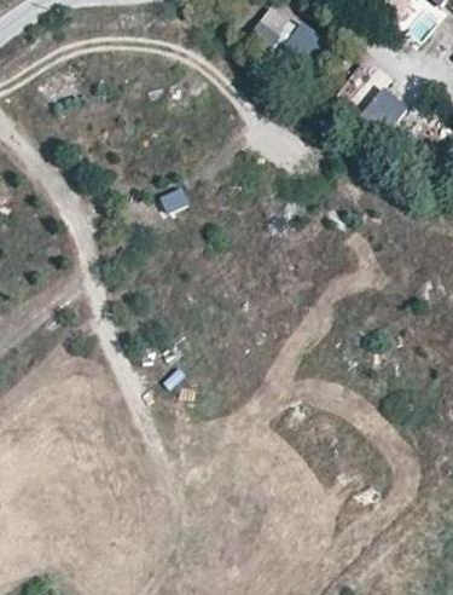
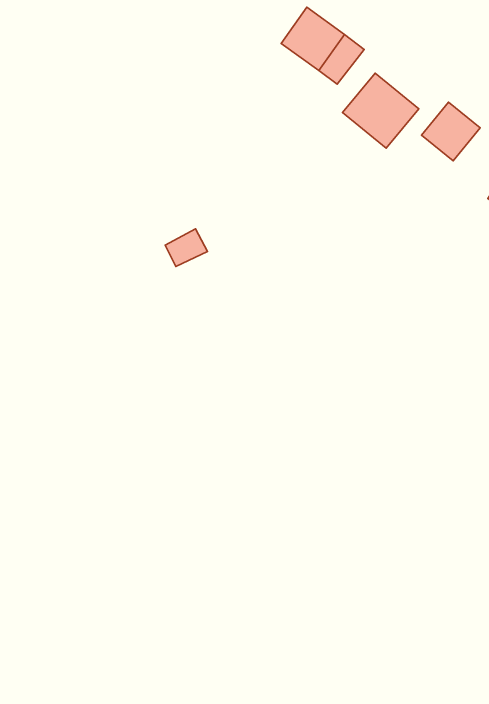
building: none -> [343,73,419,148]

